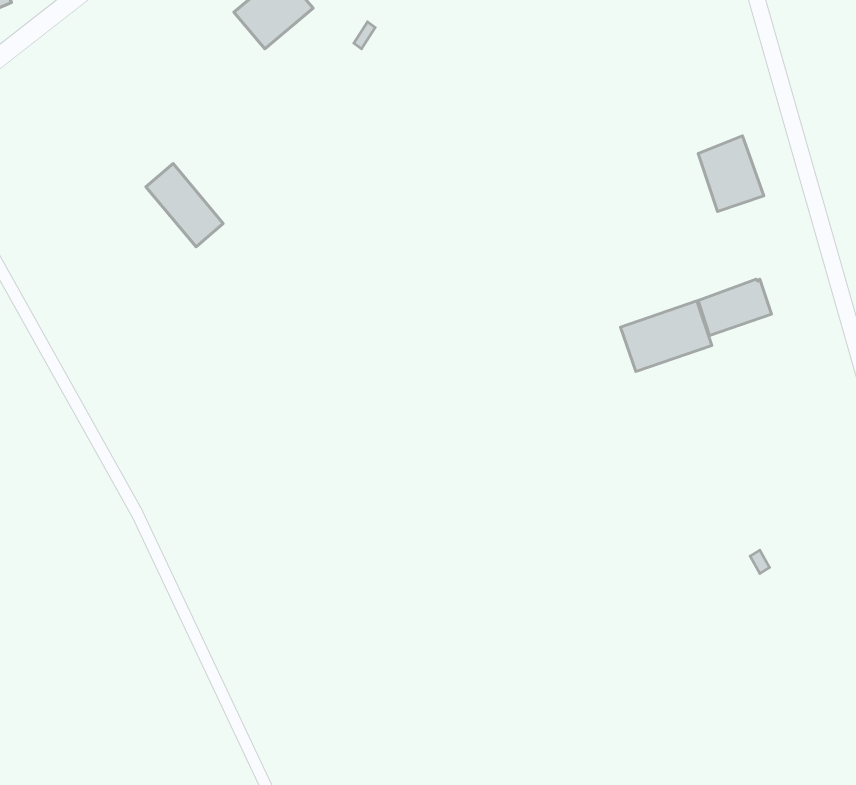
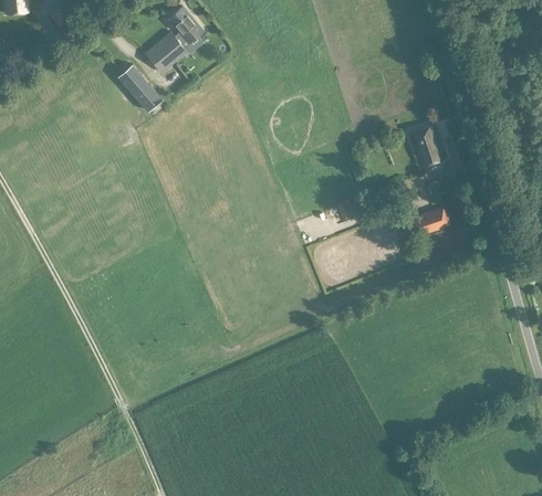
building: [146,164,223,247] -> [116,64,160,112]
building: [621,301,712,372] -> none

